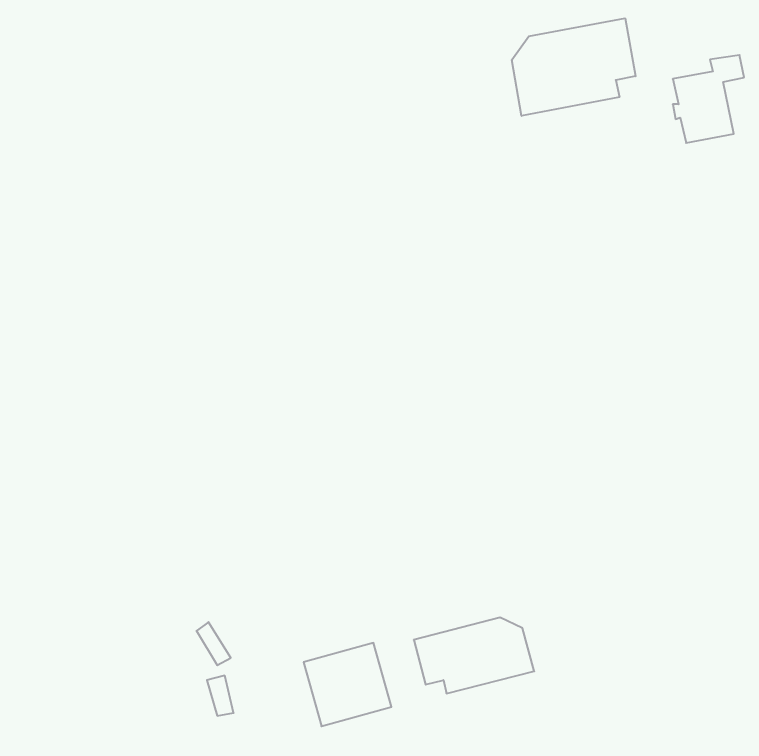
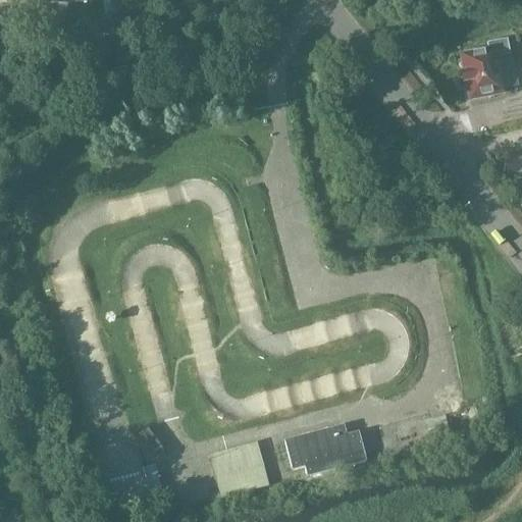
building: [512,18,636,116] -> none

